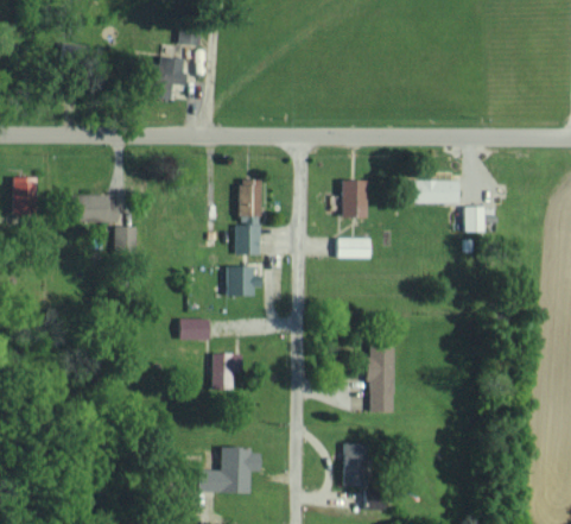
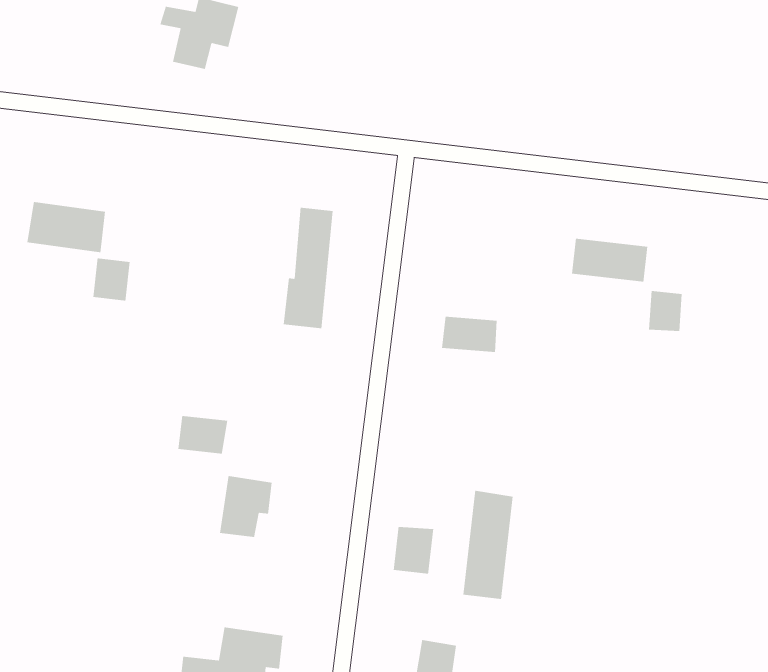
building: [341,179,367,217] -> none
building: [227,266,261,296] -> none
building: none -> [393,526,434,575]

